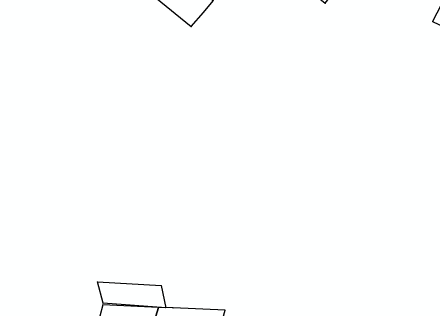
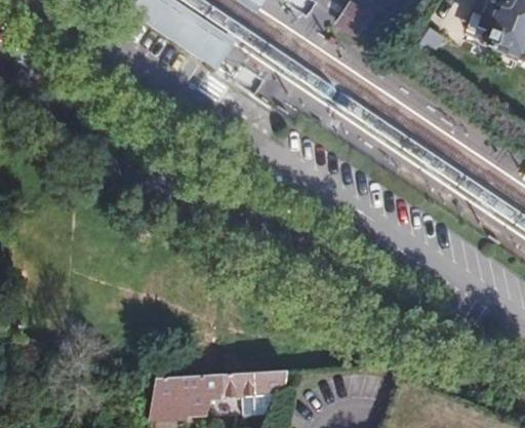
building: [97,282,166,308] -> none

